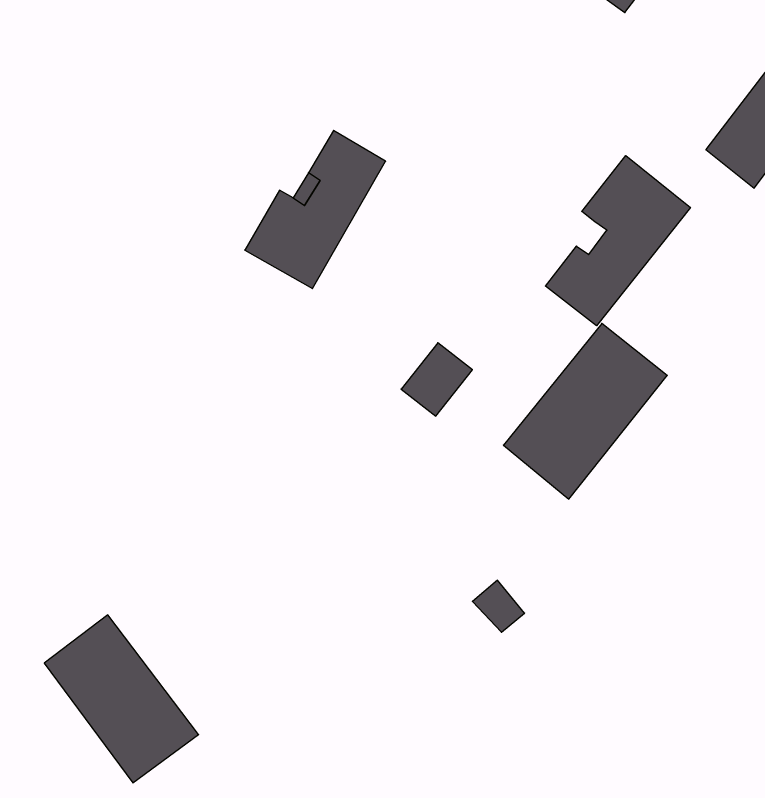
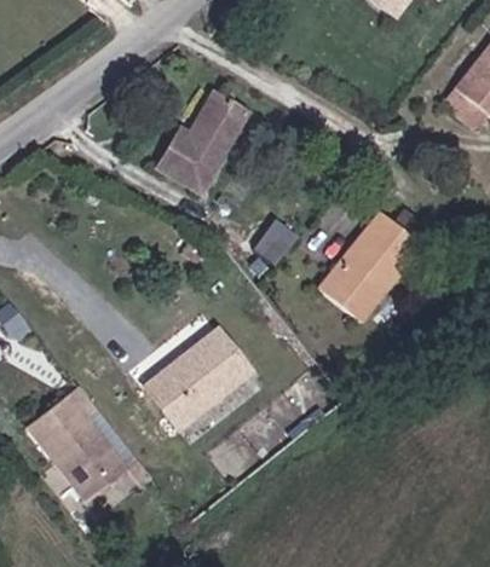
building: [545,156,690,326] -> none
building: none -> [146,330,252,428]

